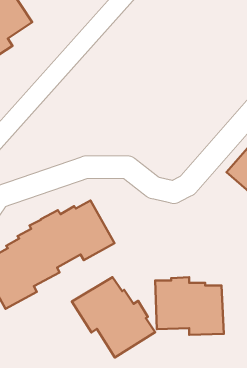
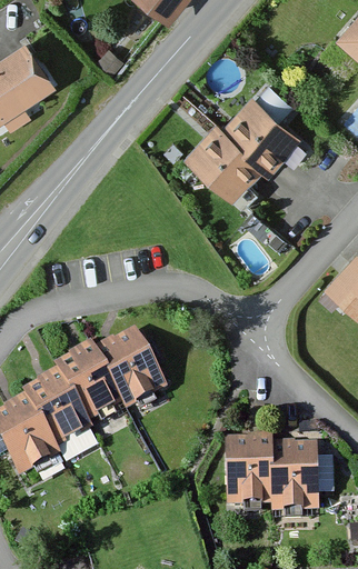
building: none -> [182,87,301,203]
building: [72,277,155,358] -> none

